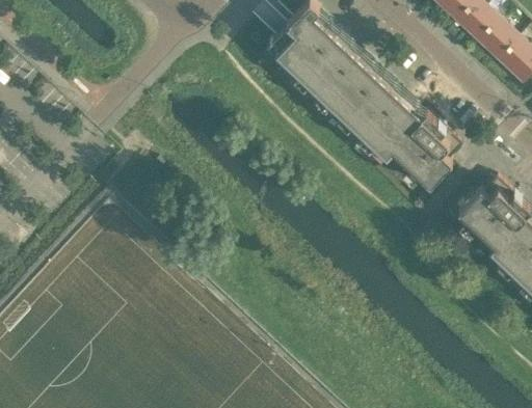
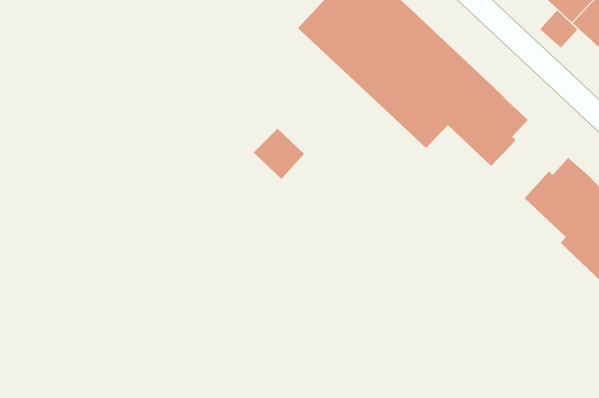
building: none -> [539,9,578,49]
building: none -> [253,128,305,180]

